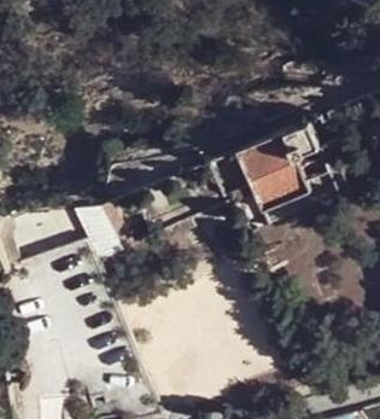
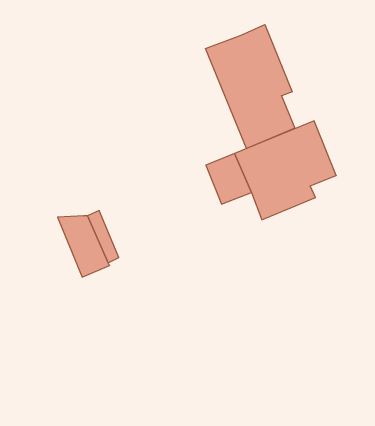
building: none -> [206,25,295,148]

